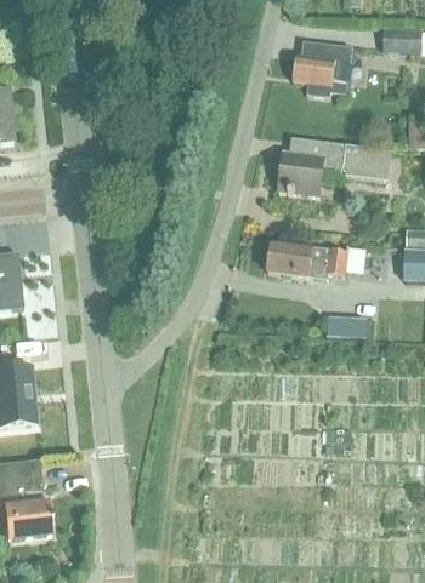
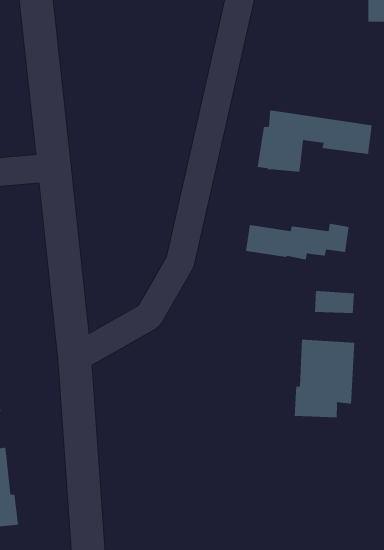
building: [291,42,353,97] -> none
building: none -> [294,339,355,418]

